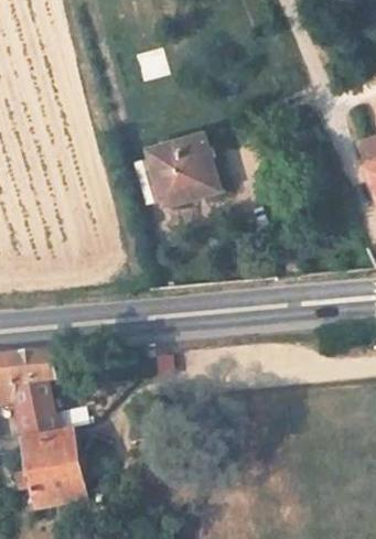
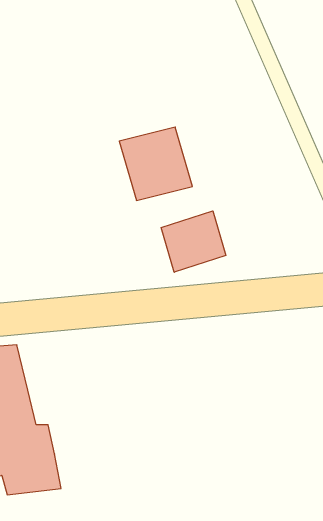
building: none -> [161,211,226,272]

